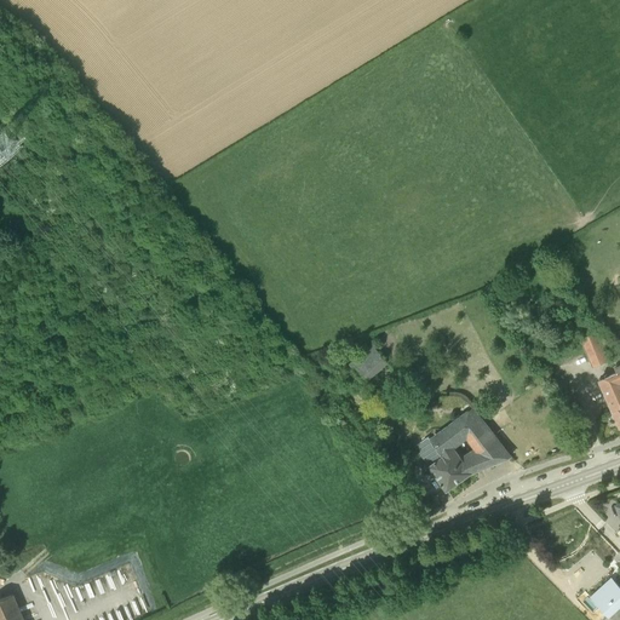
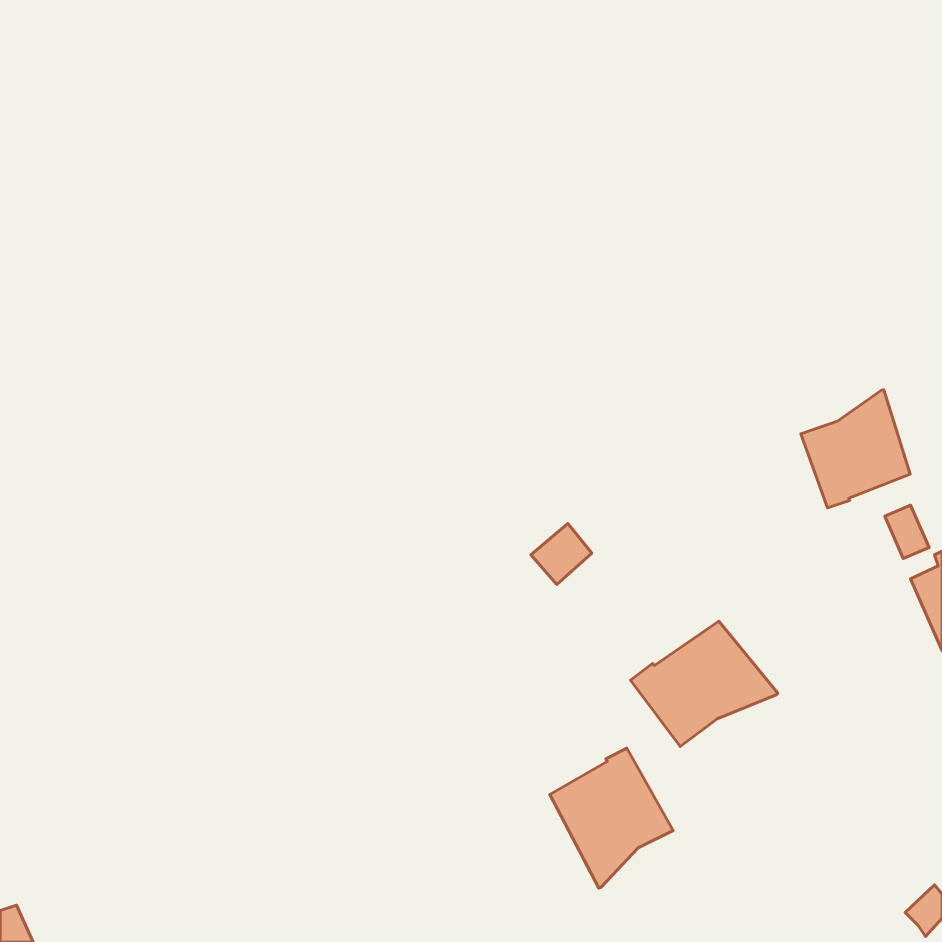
building: none -> [801,390,910,508]
building: none -> [550,748,673,888]

